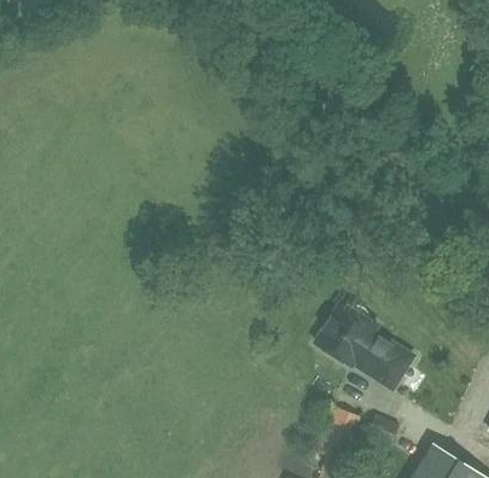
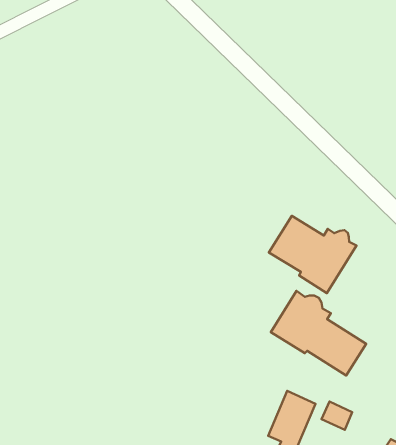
building: none -> [269,216,356,293]

